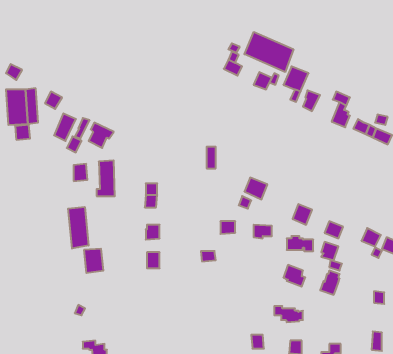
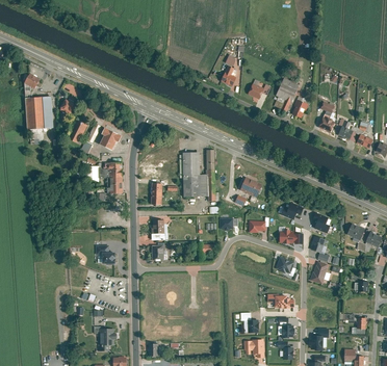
building: [244,32,293,72] -> none
building: none -> [183,152,208,195]
building: [68,207,89,249] -> none

